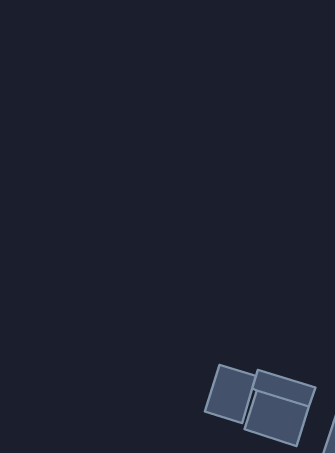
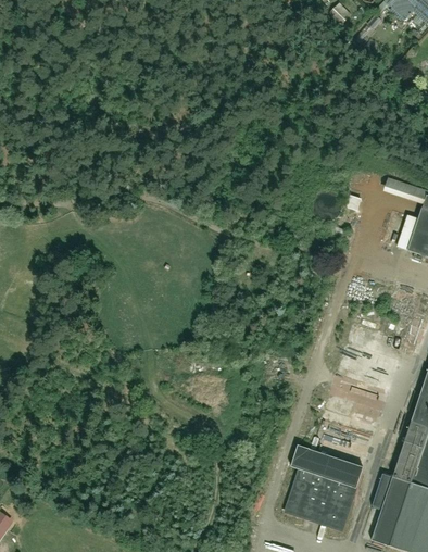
building: [205,365,256,423] -> none

